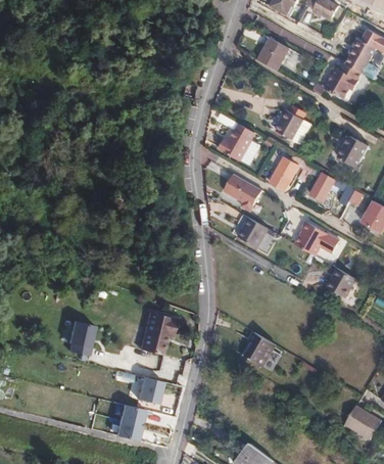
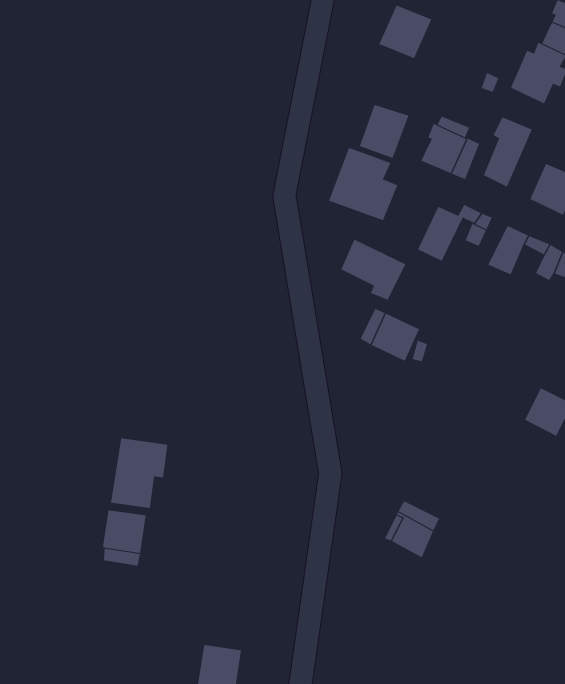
building: none -> [359,104,409,159]
building: none -> [483,117,533,188]
building: [291,222,336,257] -> none
building: [136,311,173,354] -> [110,438,168,508]
building: [138,376,165,404] -> none

